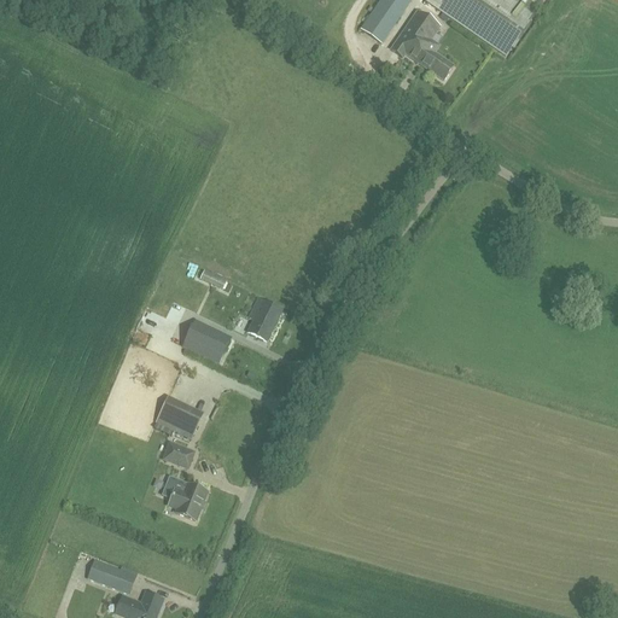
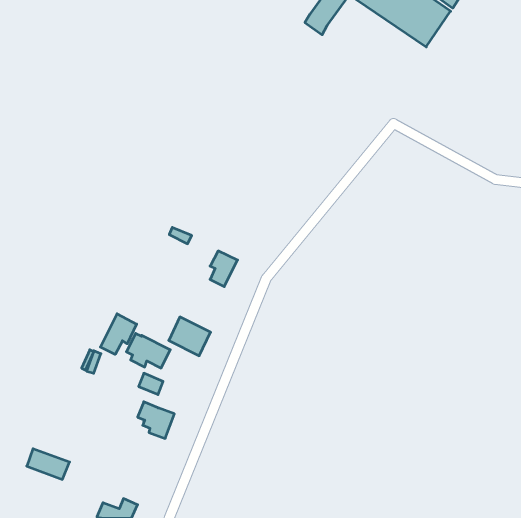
building: [391,10,454,78] -> none
building: [182,317,232,363] -> [169,317,211,356]
building: none -> [100,314,137,354]
building: [87,558,138,594] -> [27,449,70,479]

